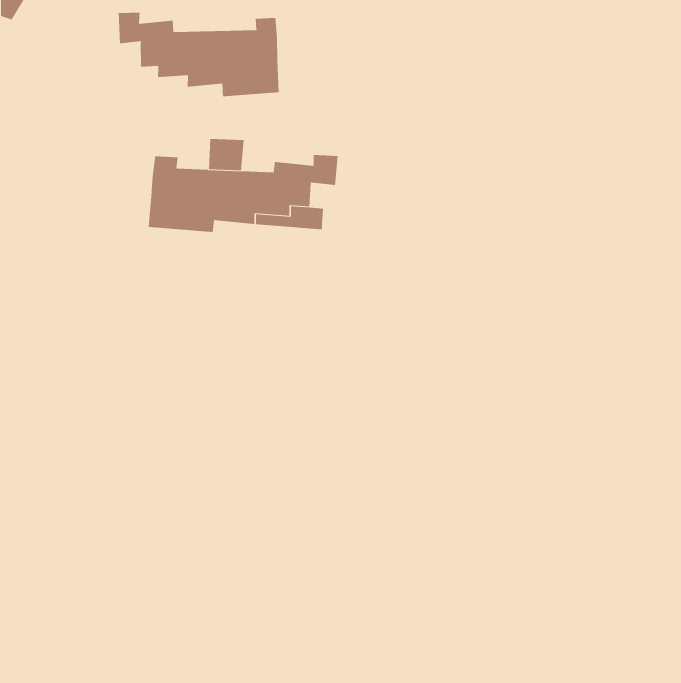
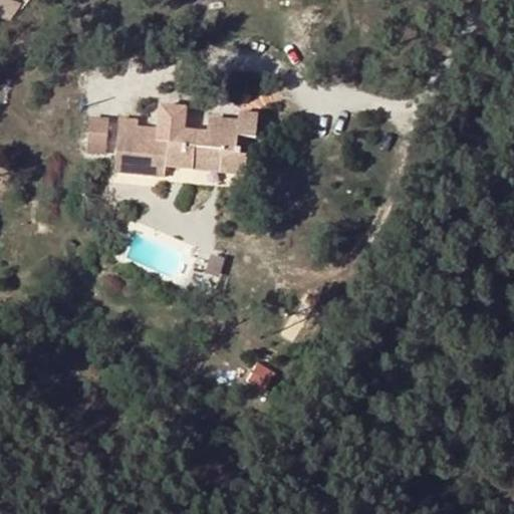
building: [118,12,279,97] -> none
building: none -> [87,114,119,147]

